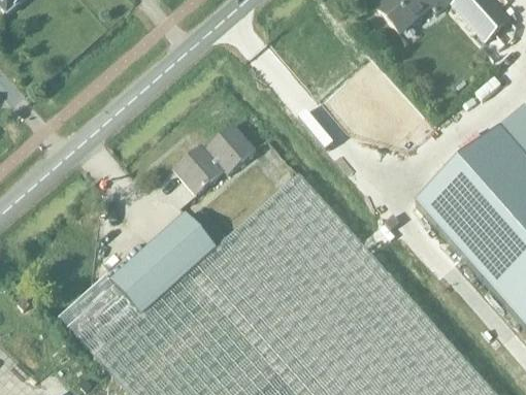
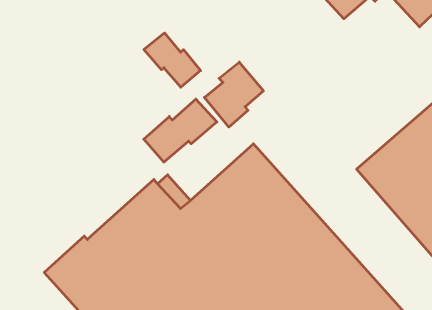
building: none -> [144,33,201,87]
building: none -> [204,62,263,127]

